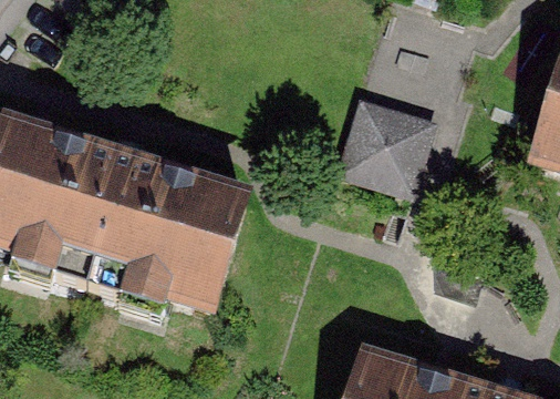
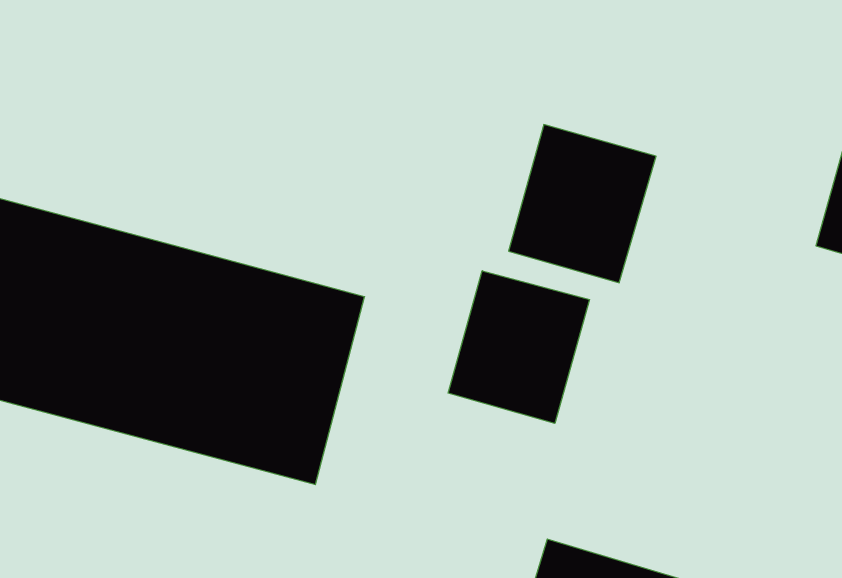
building: none -> [448,271,590,423]

